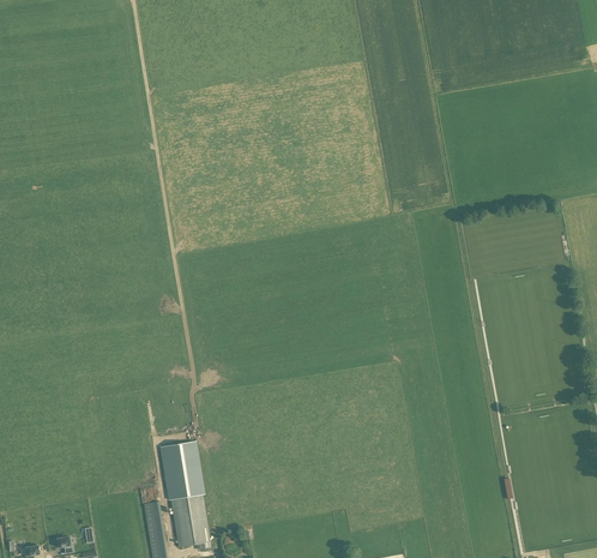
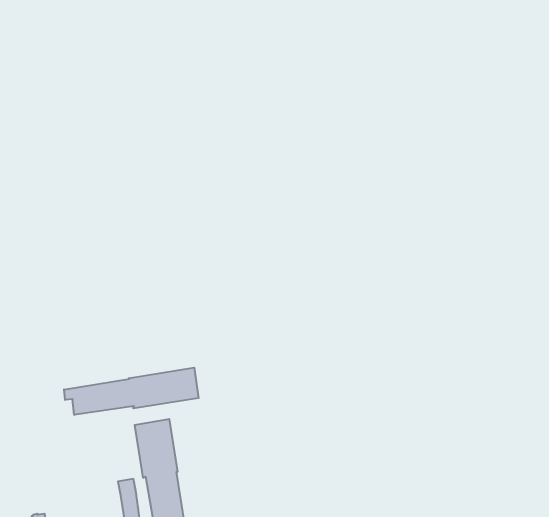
building: none -> [64,368,199,415]

